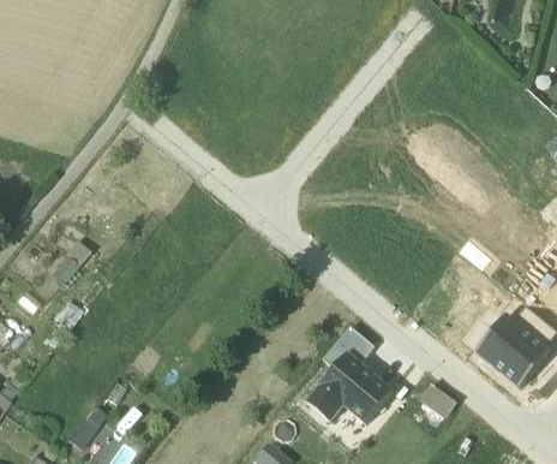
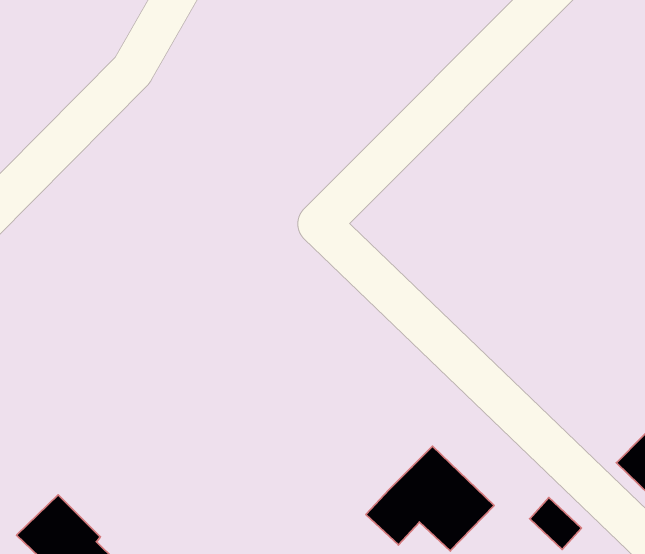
building: [323,326,376,368] -> none

